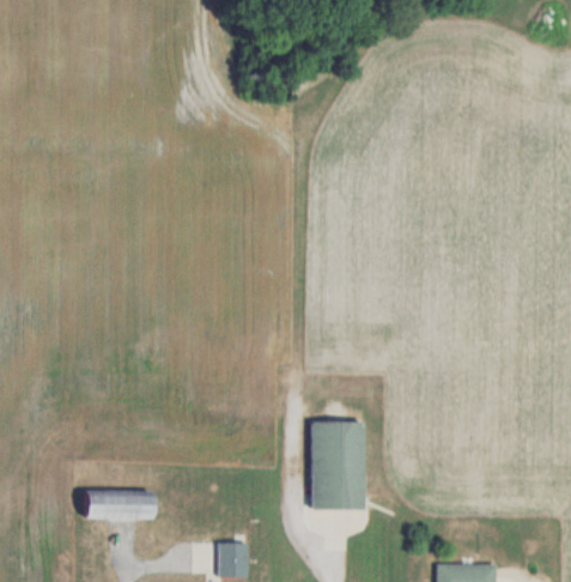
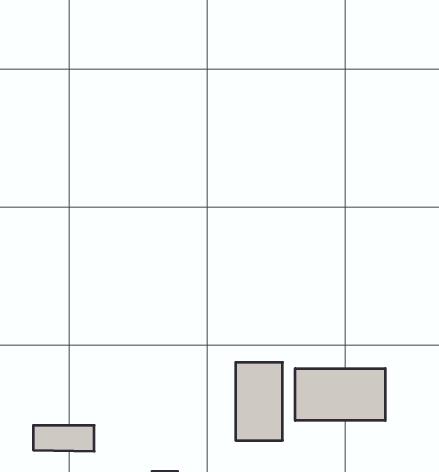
building: none -> [295,368,385,421]

